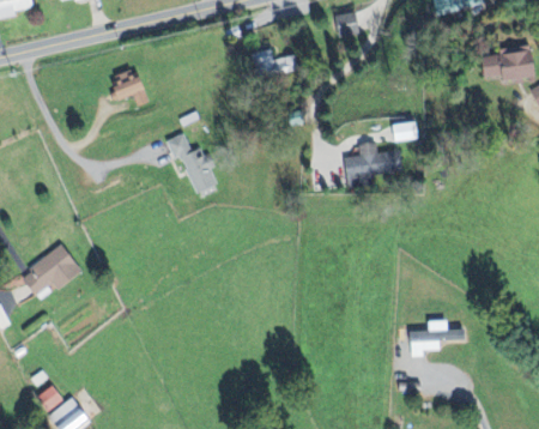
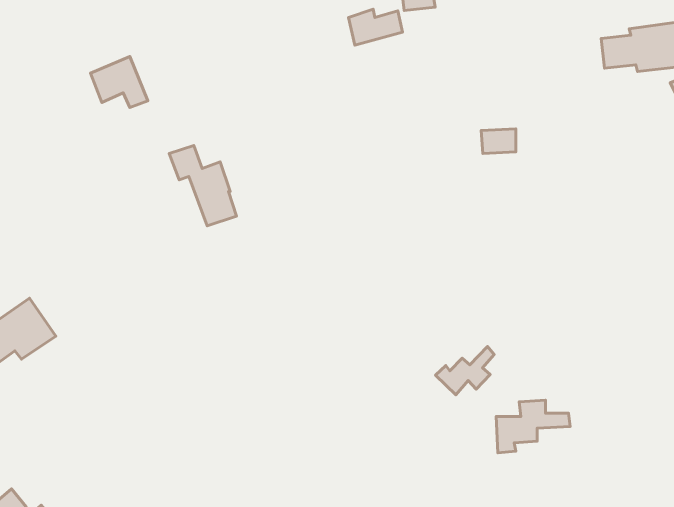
building: [252,53,291,79] -> [348,9,403,45]
building: [341,140,402,186] -> none
building: none -> [436,347,494,395]

